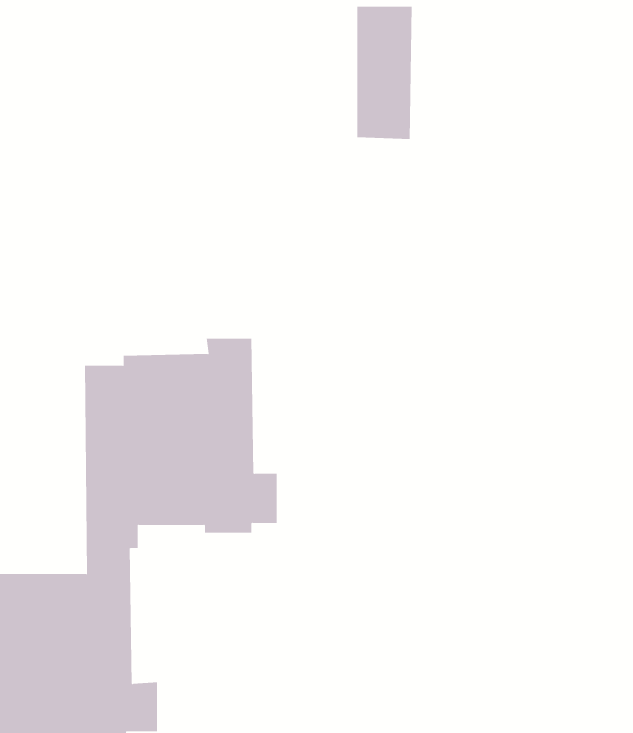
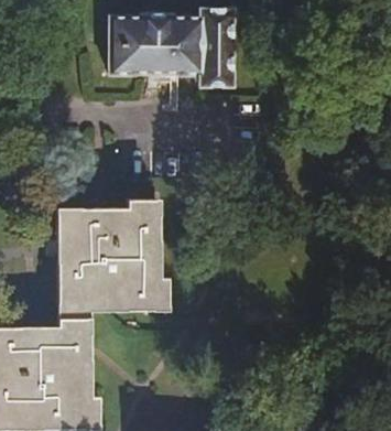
building: none -> [122,14,214,75]

